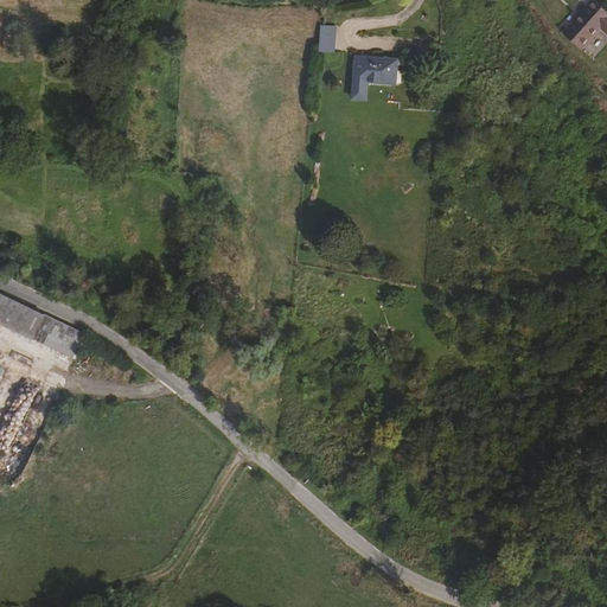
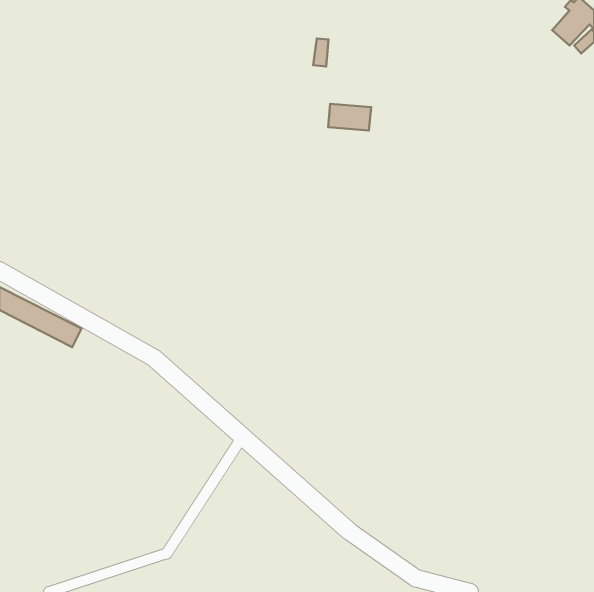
building: [351,57,395,84] -> [328,104,371,131]

